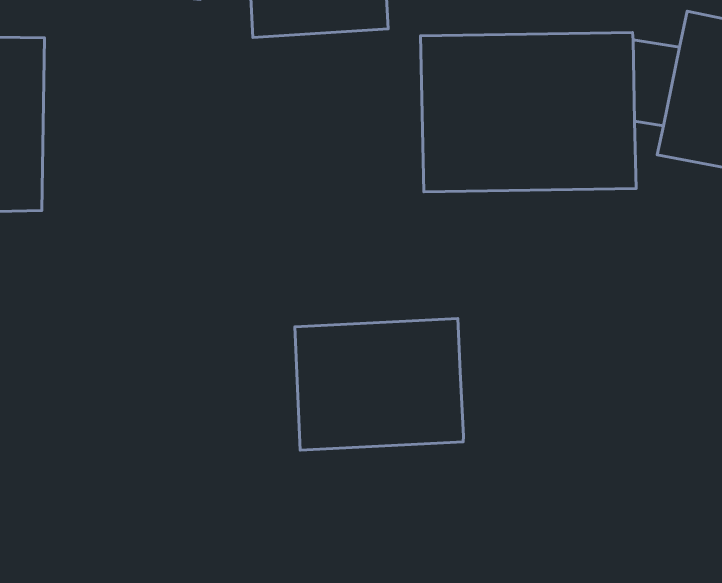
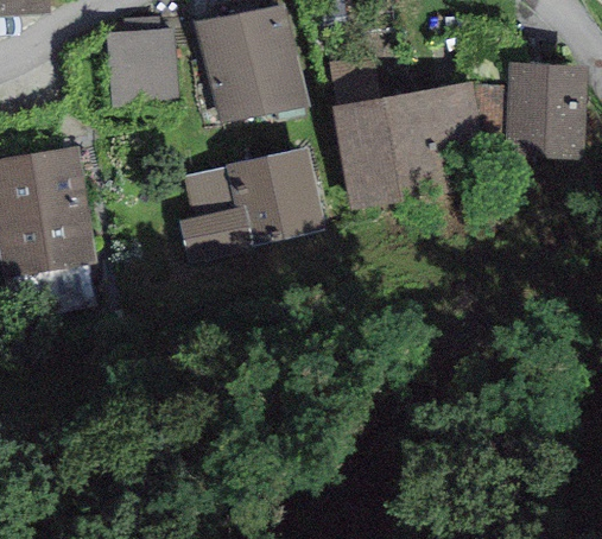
building: none -> [179,147,325,261]
building: [295,318,463,450] -> none

